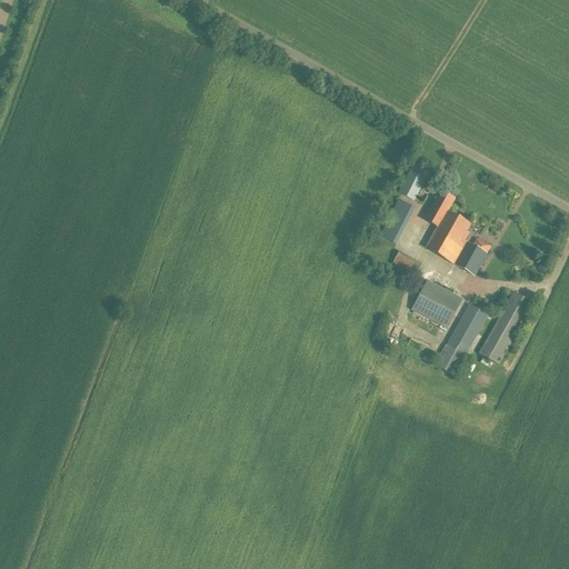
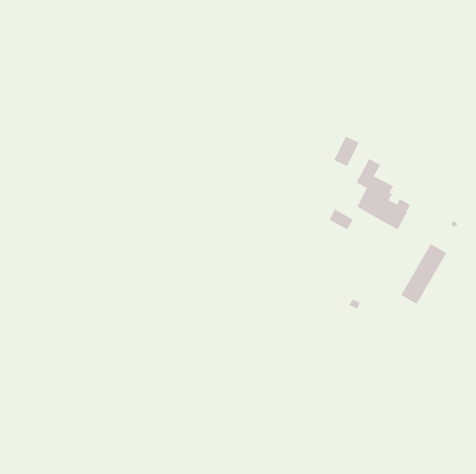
building: [411,278,462,328] -> none
building: [433,302,489,375] -> none

